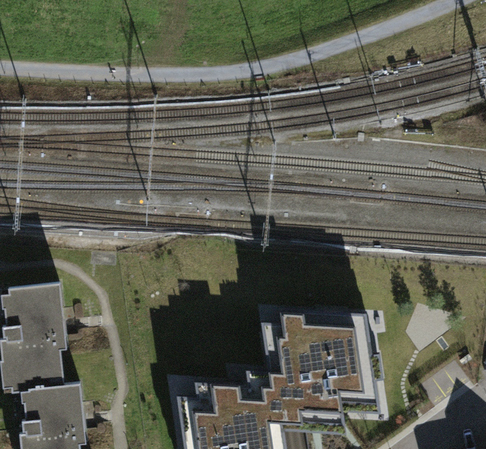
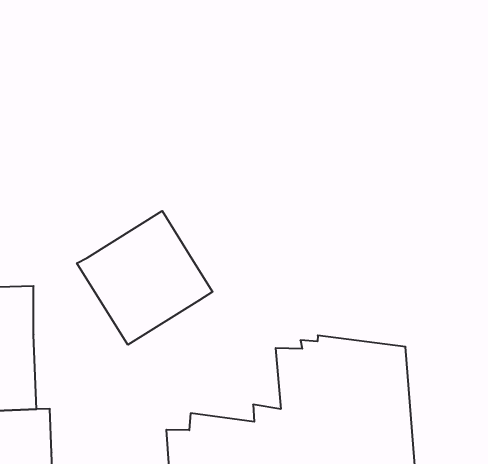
building: none -> [77,211,213,345]

